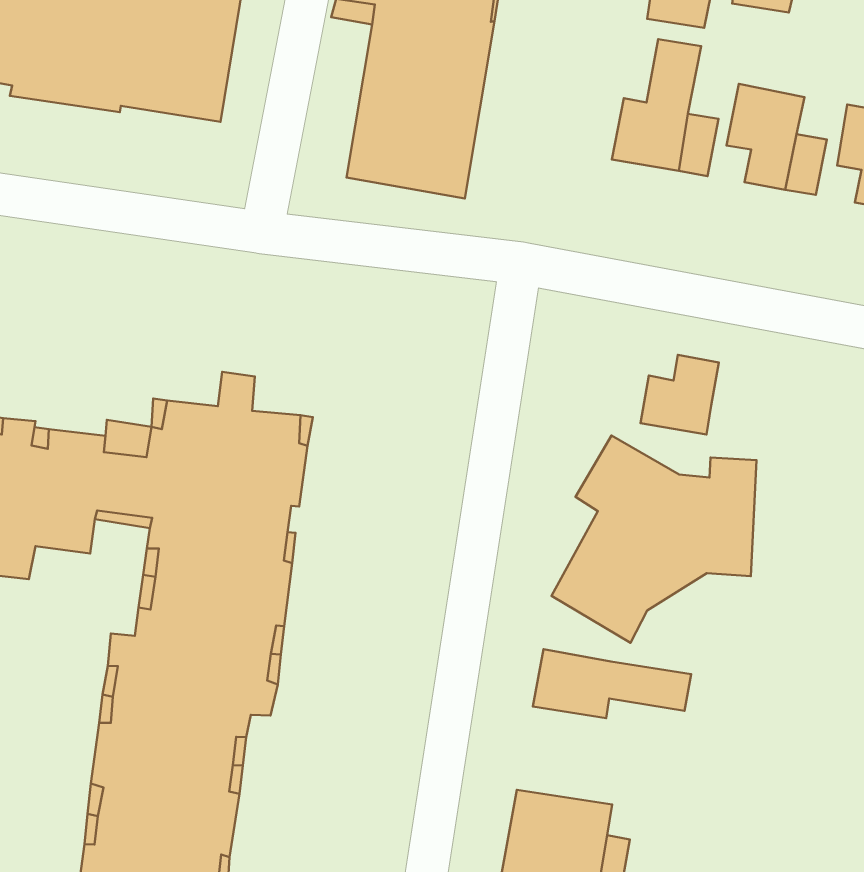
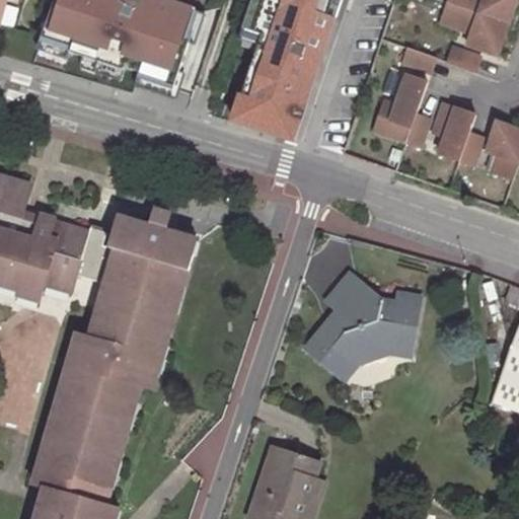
building: [640,355,719,434] -> none
building: [533,649,691,718] -> none

